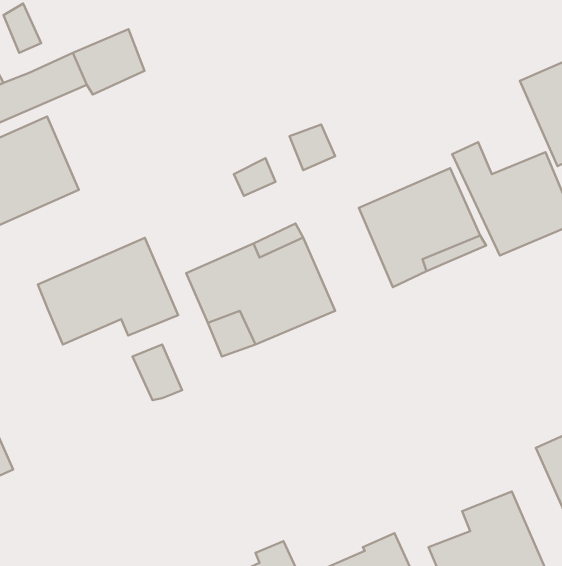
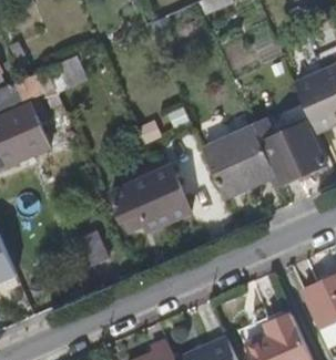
building: [38,238,178,344] -> none

